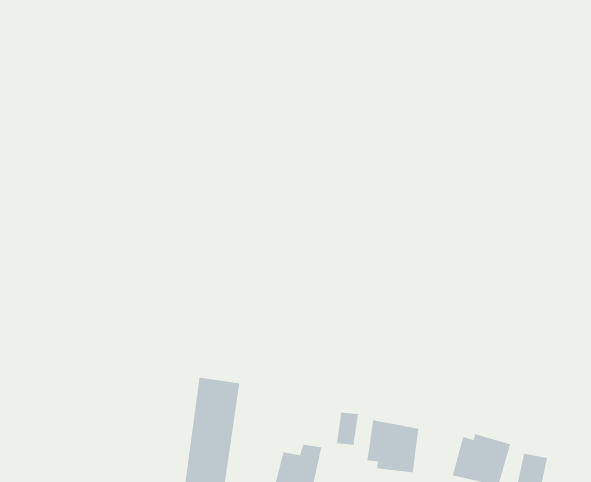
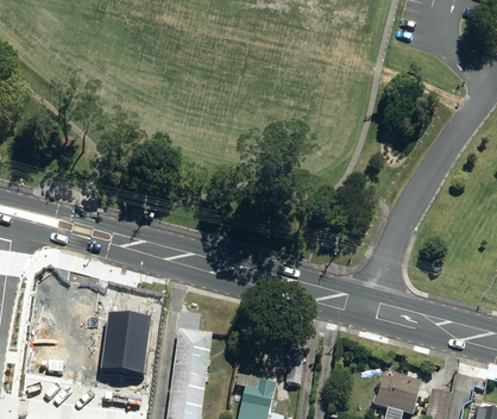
building: none -> [105,312,153,374]
building: [366,419,419,473] -> none

